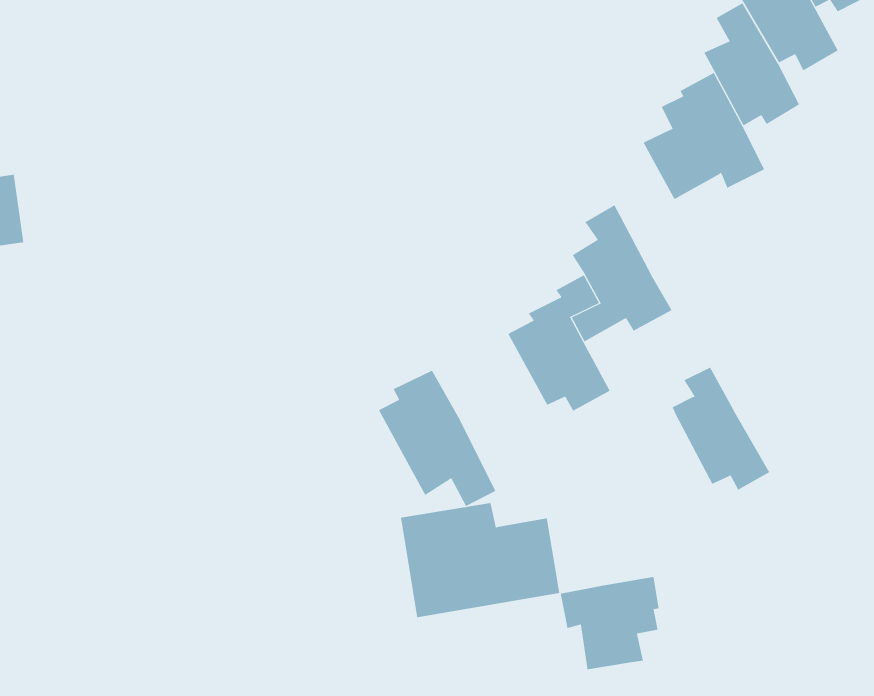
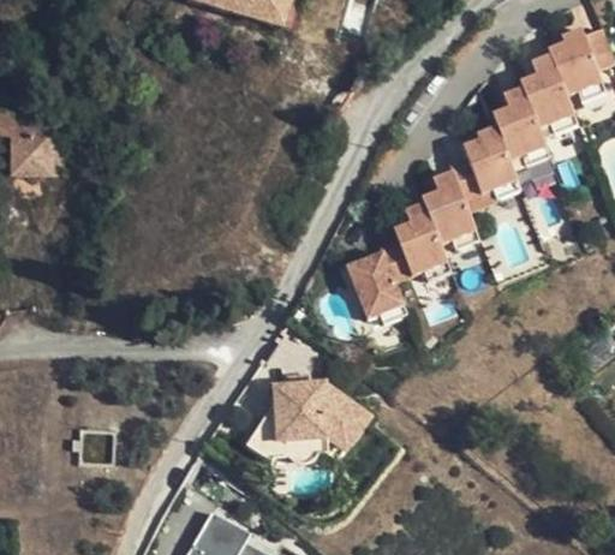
building: [672,367,770,490] -> [424,175,479,255]
building: [378,370,496,507] -> none
building: [560,576,659,670] -> none

